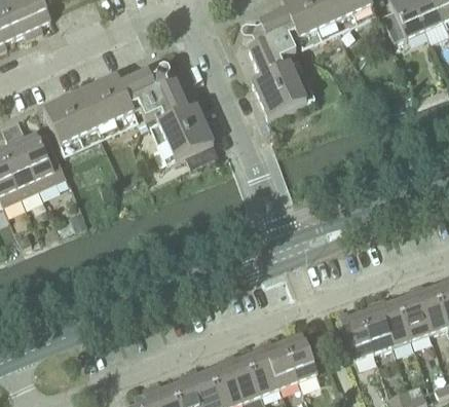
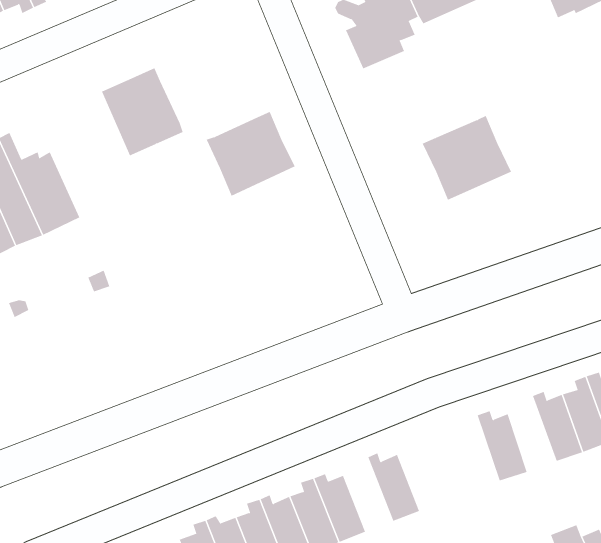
building: [251,60,312,118] -> [422,115,512,200]
building: [121,64,187,121] -> none
building: [43,90,100,151] -> none
building: [360,299,392,352] -> none
building: [284,327,317,378] -> none
building: [247,341,280,393] -> none

